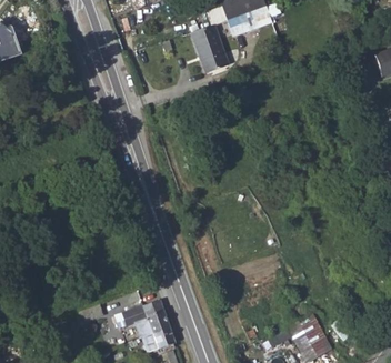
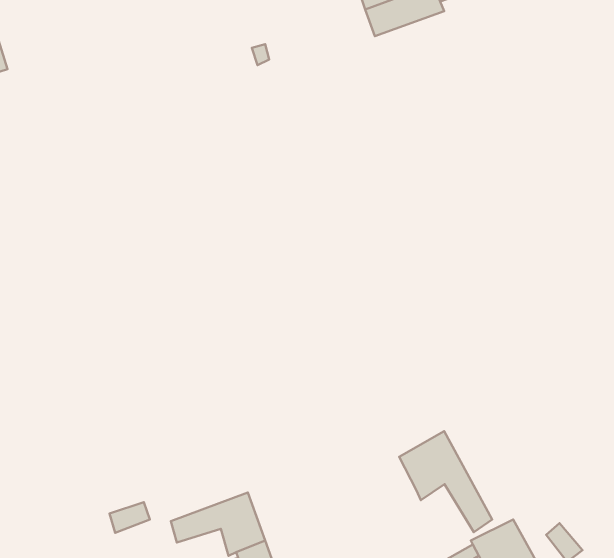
building: [190,24,228,73] -> none
building: none -> [399,431,492,532]

